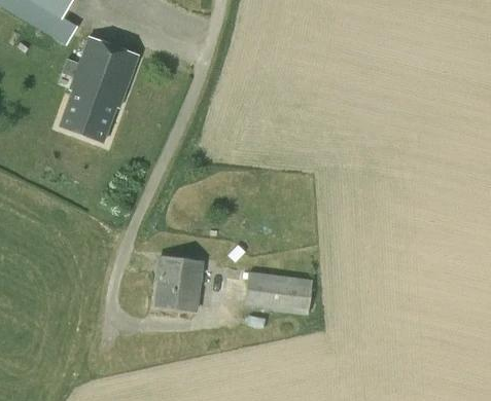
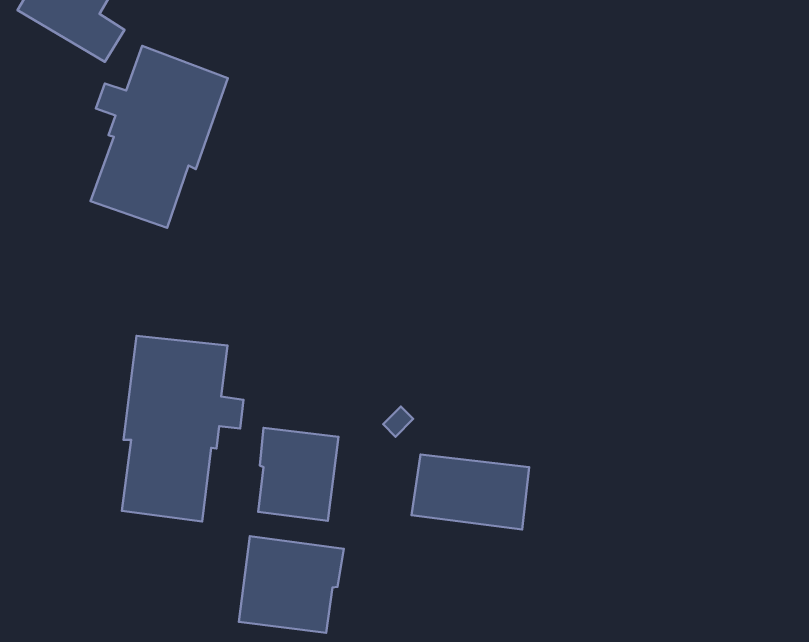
building: none -> [122,336,244,521]
building: none -> [239,536,344,633]

